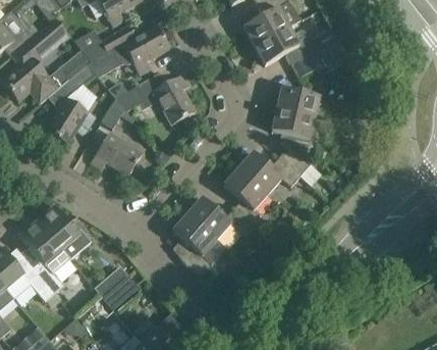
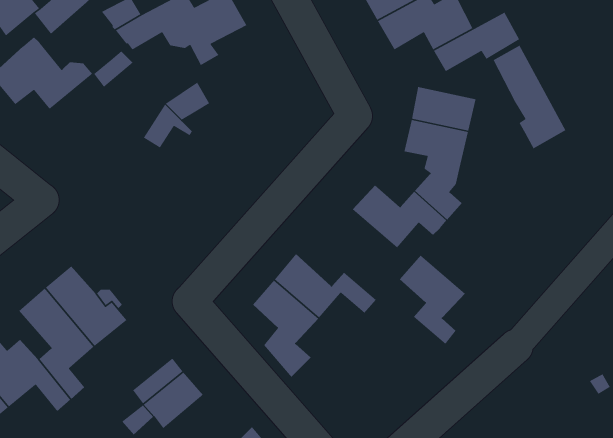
building: none -> [492,44,566,150]
building: [152,72,195,123] -> none
building: [45,97,95,144] -> none
building: [90,132,142,174] -> none
building: [223,168,267,228] -> [399,254,466,345]

